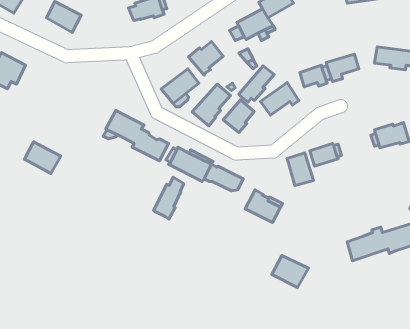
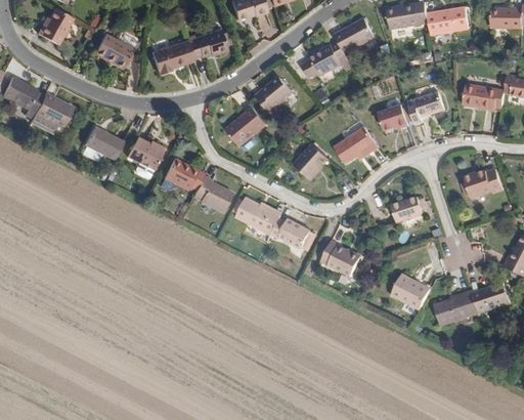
building: none -> [149,36,193,69]
building: [239,66,274,102] -> none
building: [192,84,230,126] -> none
building: none -> [127,134,162,167]
building: [24,142,61,174] -> [83,125,124,161]
building: [287,153,313,185] -> none
building: [153,177,184,219] -> none
building: [272,255,308,287] -> [390,276,431,311]

